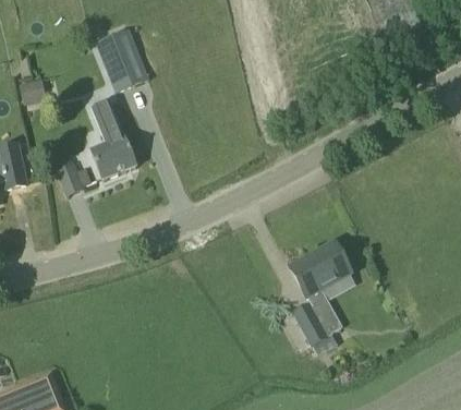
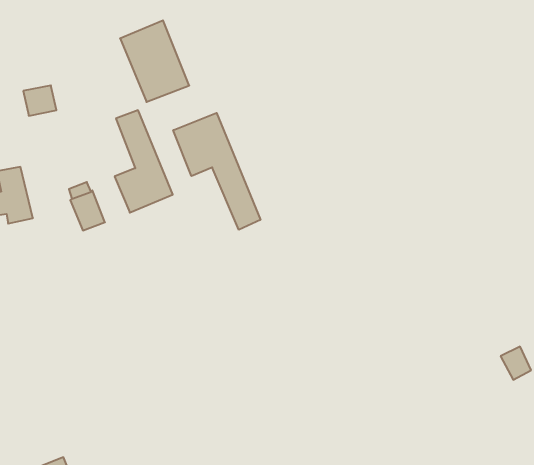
building: none -> [173,113,260,230]
building: [290,240,352,352] -> none

